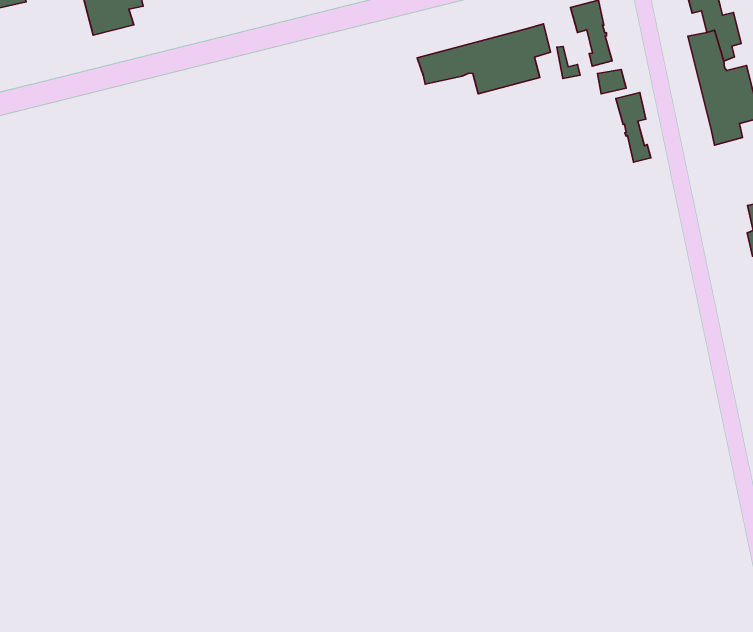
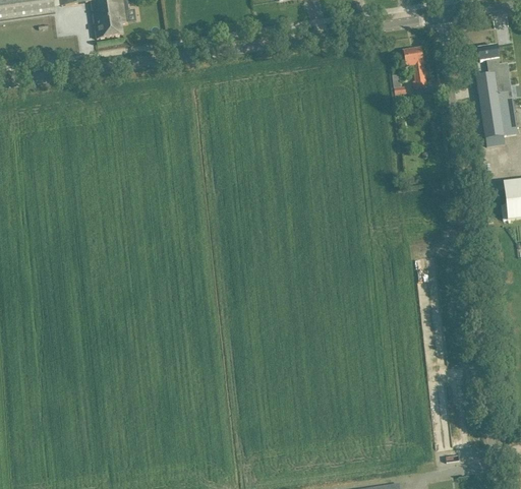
building: [417,24,551,94] -> none
building: [616,93,651,162] -> none

